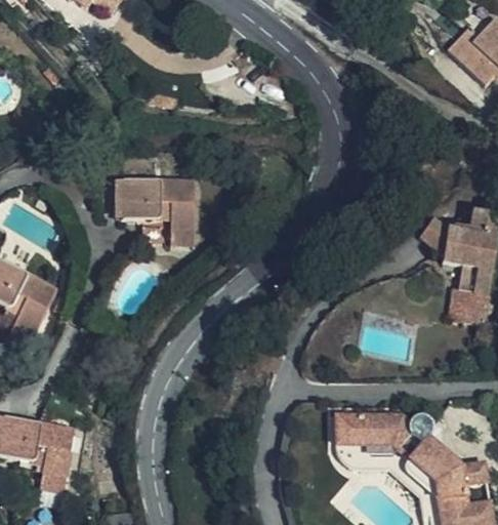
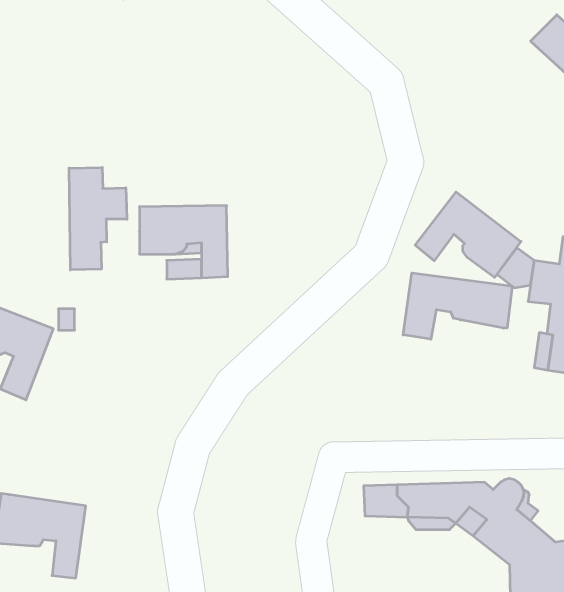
building: none -> [69,167,127,270]
building: none -> [415,192,521,277]
building: none -> [403,273,512,339]

